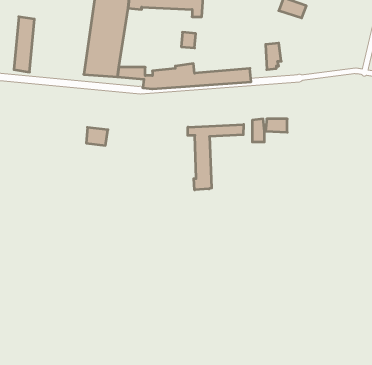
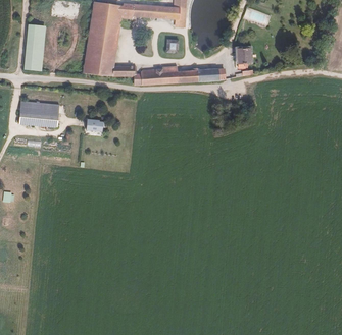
building: none -> [19,100,58,127]
building: [188,124,244,190] -> none

